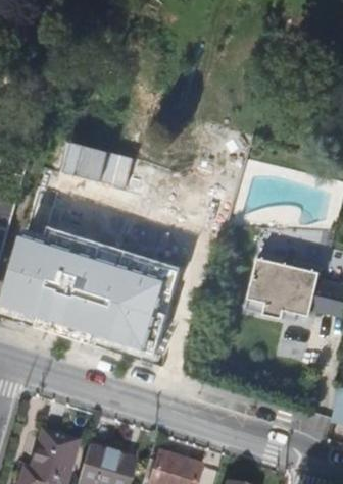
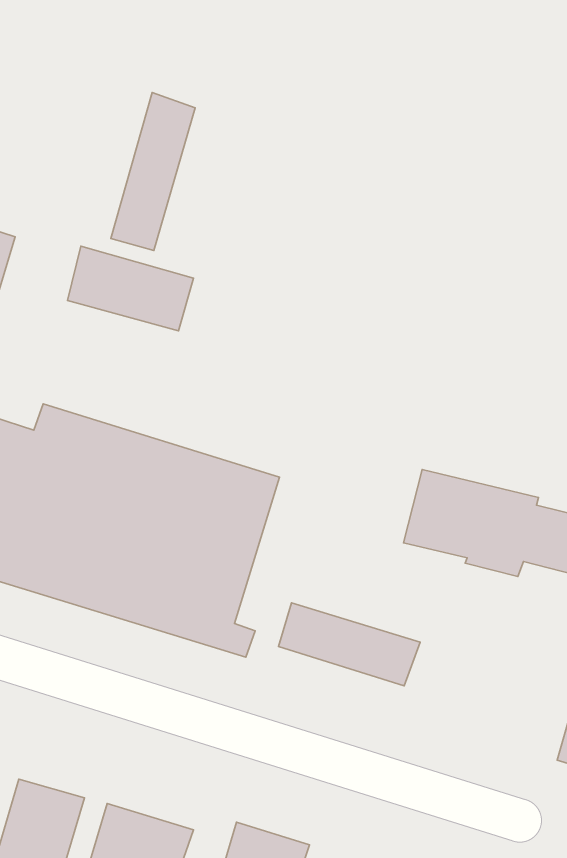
building: none -> [111,93,195,251]
building: none -> [278,603,420,686]

